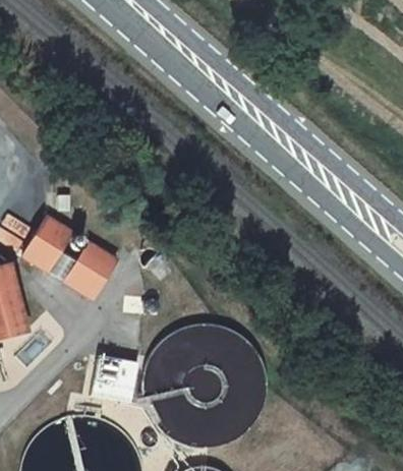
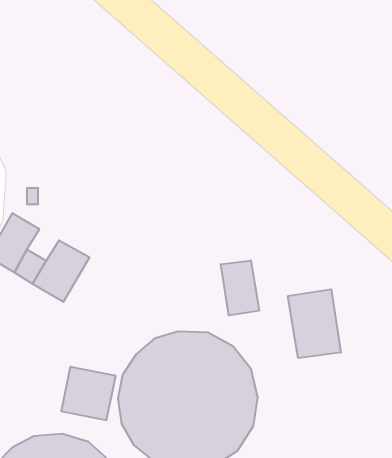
building: none -> [221,260,259,316]
building: none -> [288,289,341,358]

